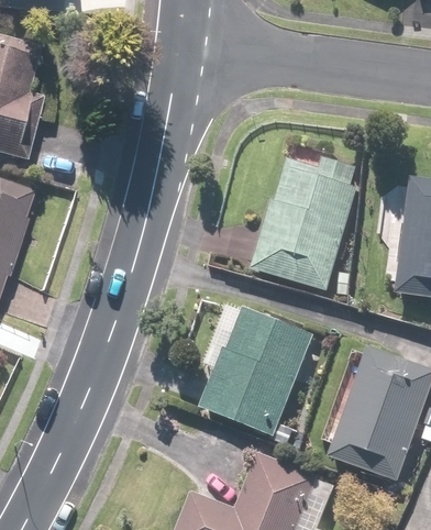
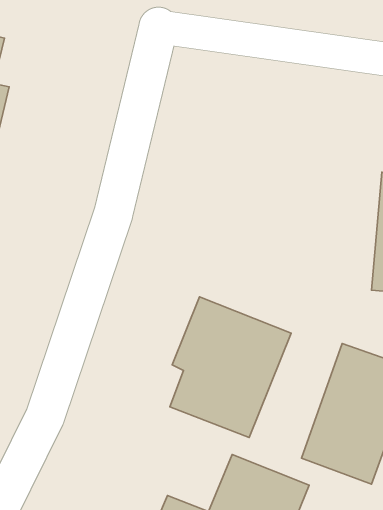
building: [252,146,366,292] -> none

